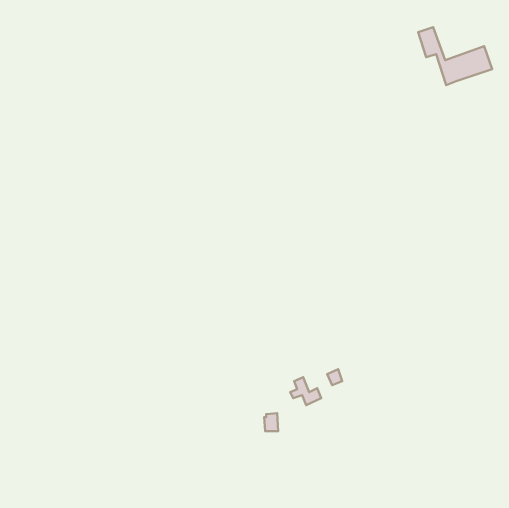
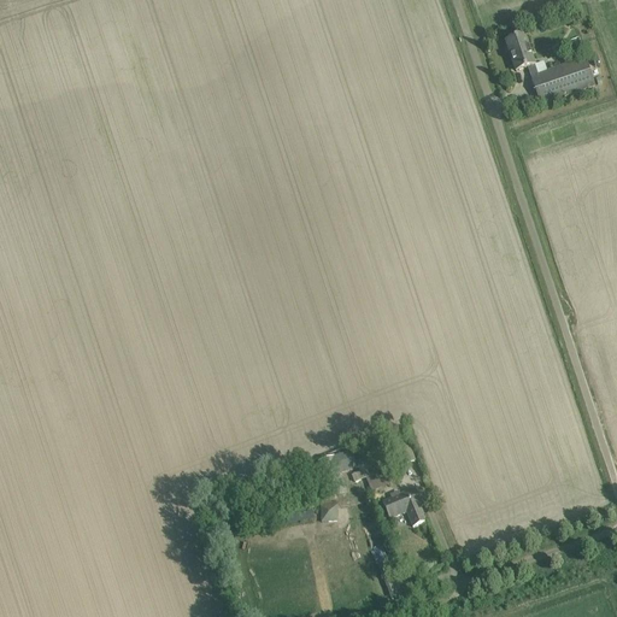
building: none -> [380,486,424,524]

